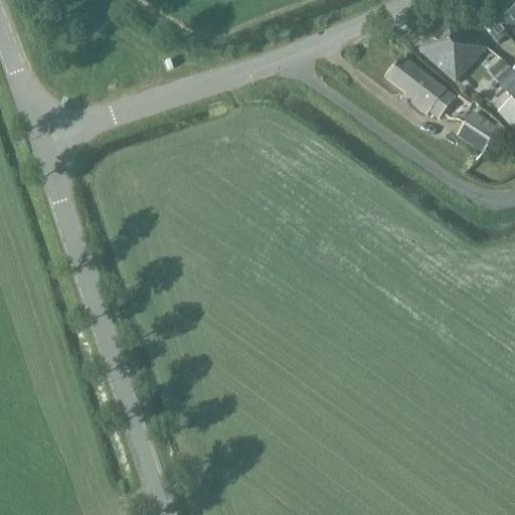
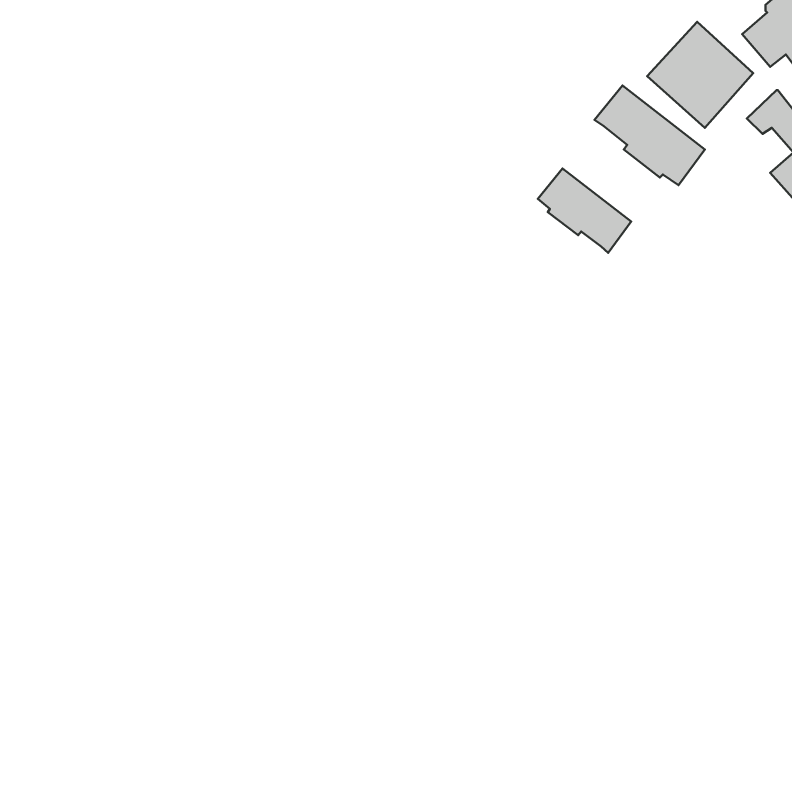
building: none -> [538,168,631,253]
building: [460,111,502,154] -> none

